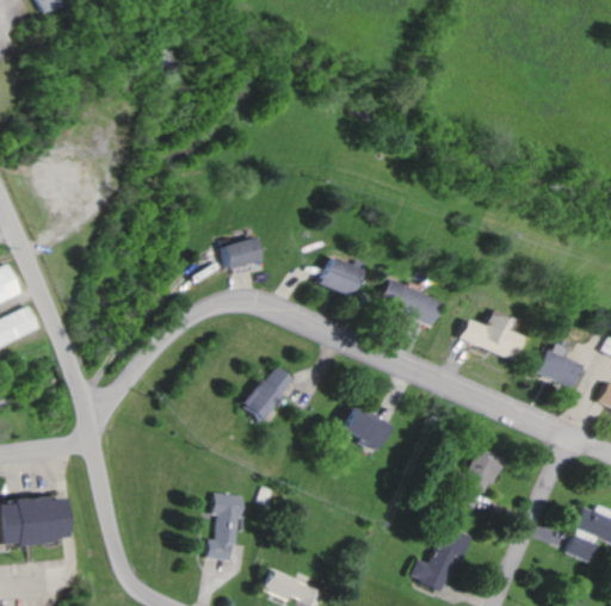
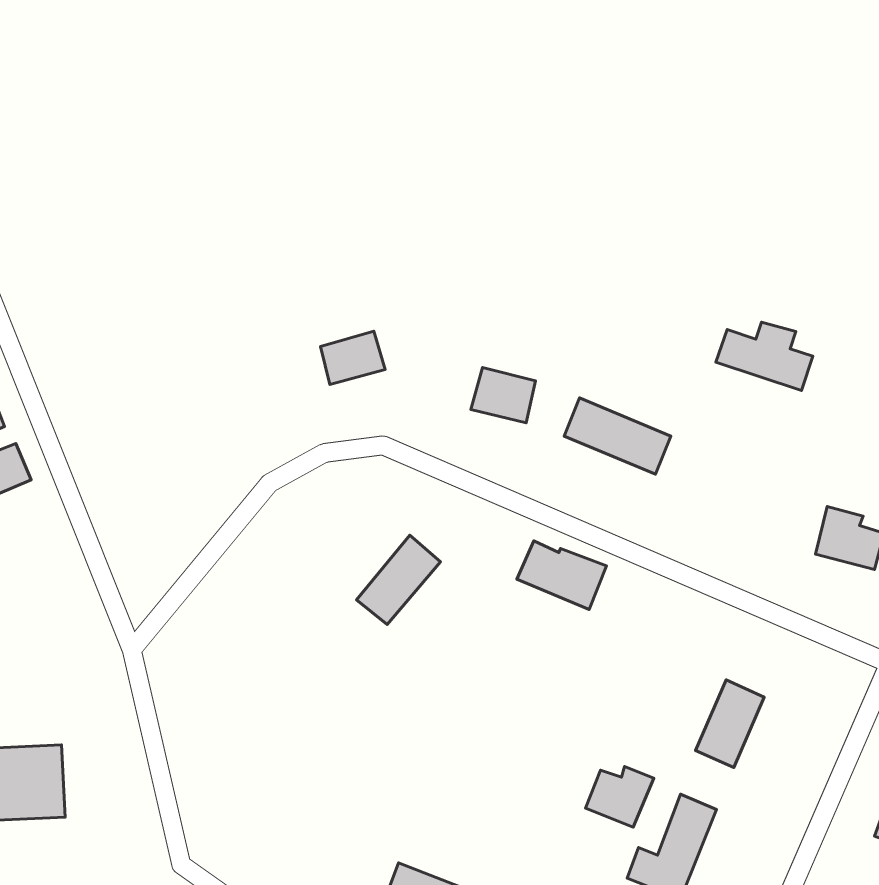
building: [457,315,518,358] -> [716,322,813,391]
building: [340,407,396,450] -> [517,541,606,610]
building: [208,494,246,561] -> none
building: none -> [586,767,654,827]

